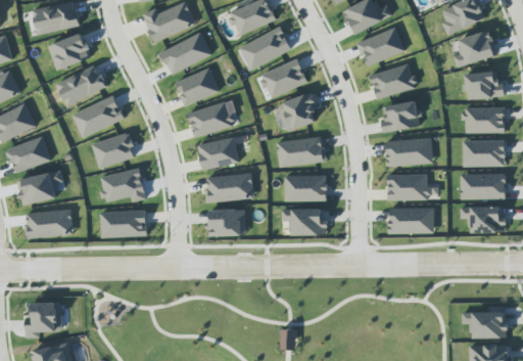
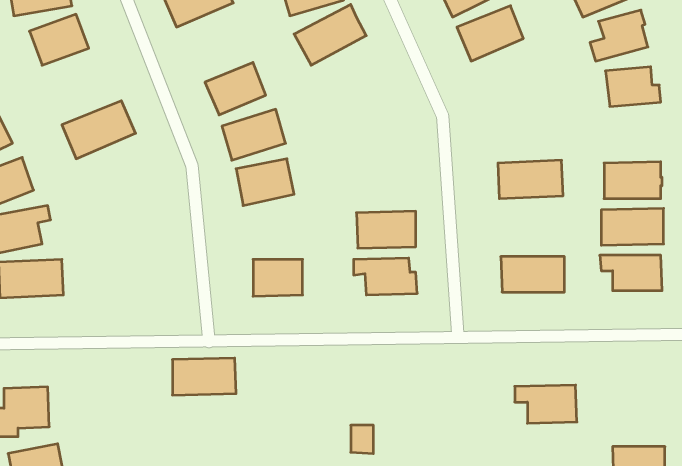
building: [160,33,211,74] -> none
building: [258,57,307,97] -> none
building: [370,63,416,99] -> none
building: [57,64,105,105] -> none
building: [277,93,319,132] -> none
building: [381,100,421,132] -> none
building: [464,106,506,133] -> none
building: [92,132,134,169] -> none
building: [277,136,326,166] -> none
building: [99,169,146,201] -> none
building: [205,172,254,204] -> none
building: [386,174,429,200] -> none
building: [101,211,147,237] -> [172,358,236,395]
building: [462,311,507,339] -> [515,385,577,423]

